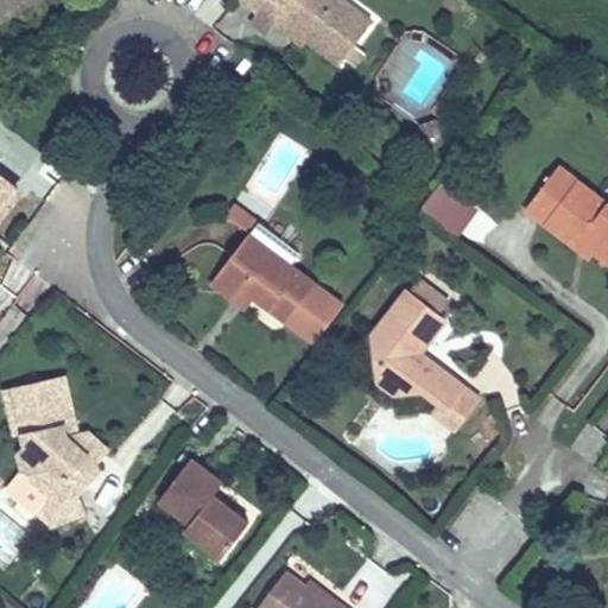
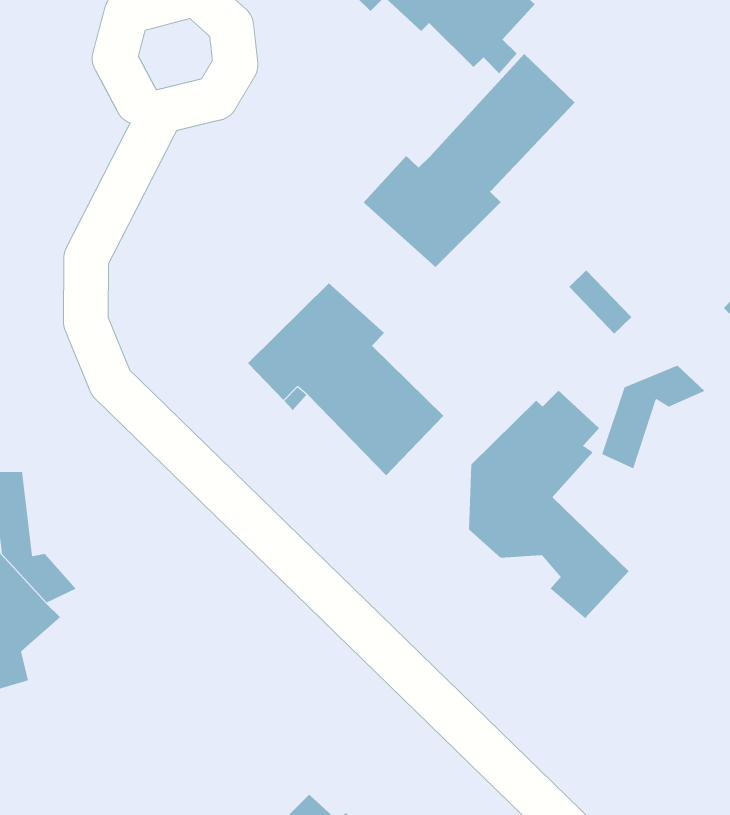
building: none -> [363,53,576,268]
building: none -> [602,365,706,469]
building: [160,462,249,559] -> none

